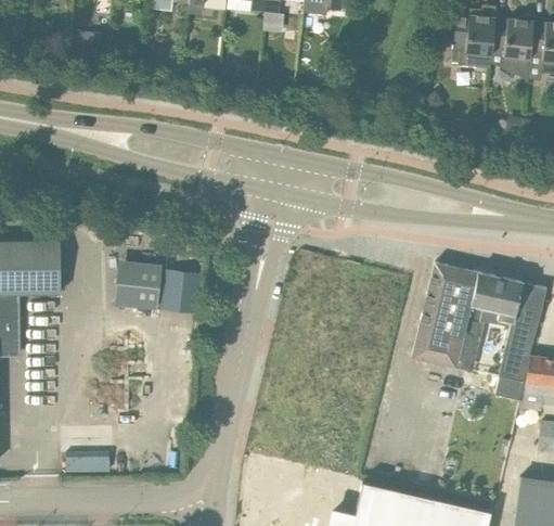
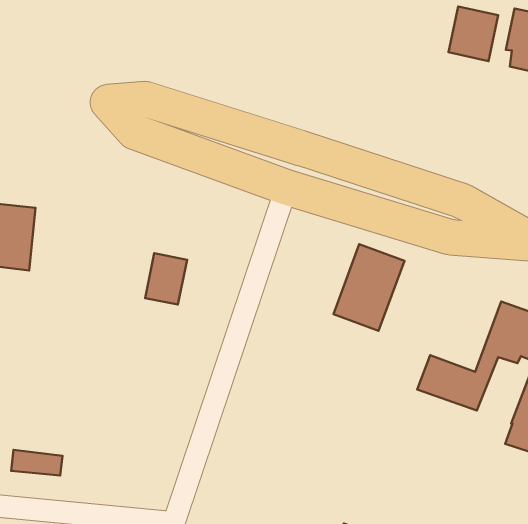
building: none -> [448,6,498,61]
building: [117,257,167,309] -> none
building: [420,264,476,337] -> [333,244,404,331]

